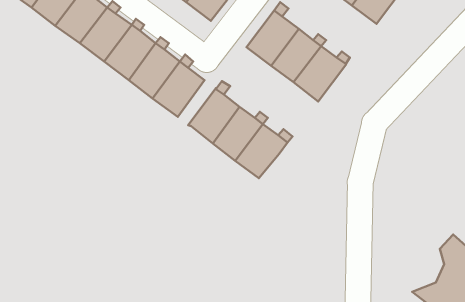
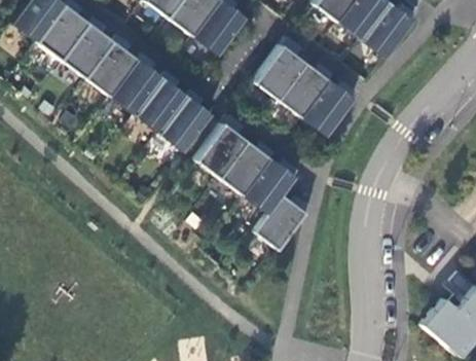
building: none -> [254,195,312,251]

